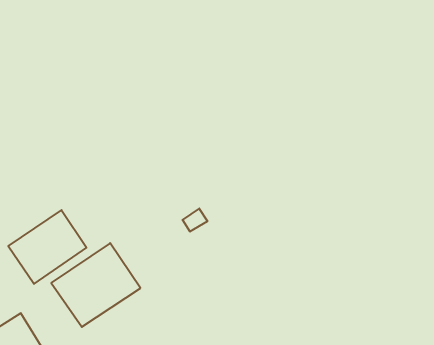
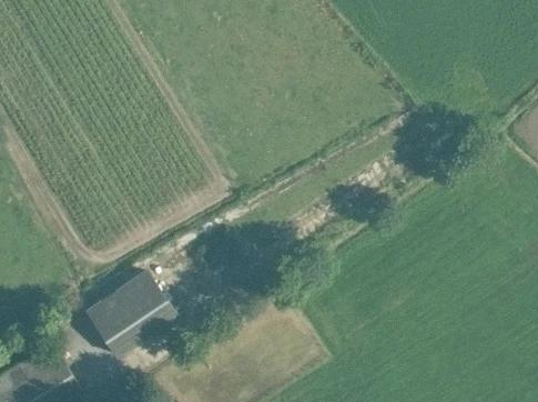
building: [8,210,86,284] -> none

